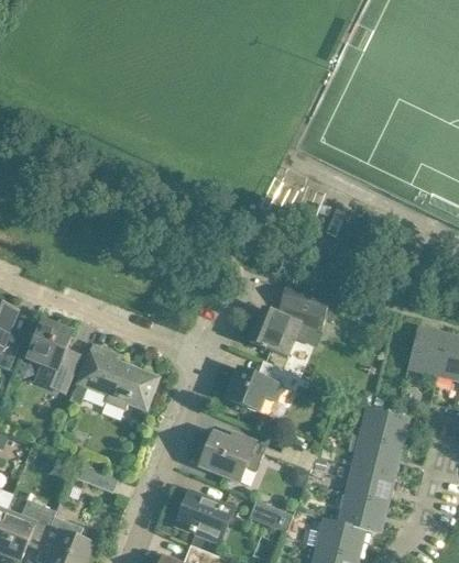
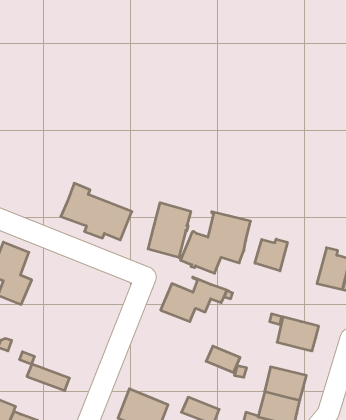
building: none -> [148,203,191,258]
building: none -> [255,239,287,271]
building: [76,343,159,409] -> [61,183,132,240]
building: [198,431,265,479] -> none
building: [352,435,401,474] -> none

